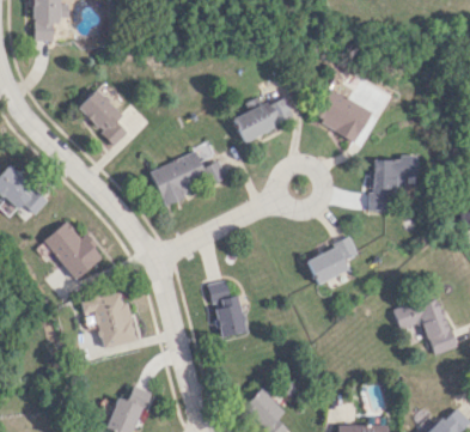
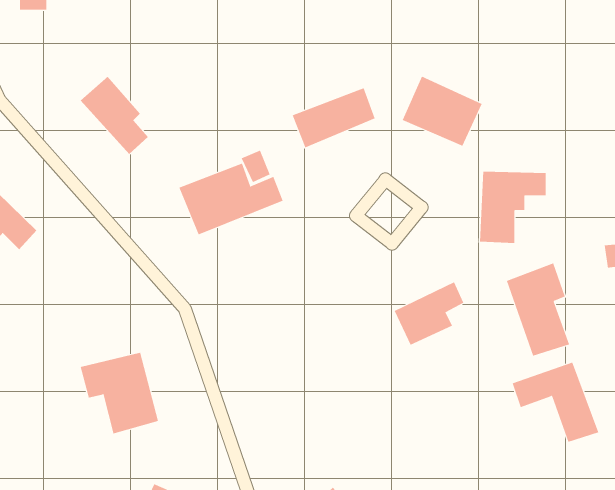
building: [37,220,104,280] -> none
building: none -> [506,262,570,357]
building: [208,280,249,337] -> none

